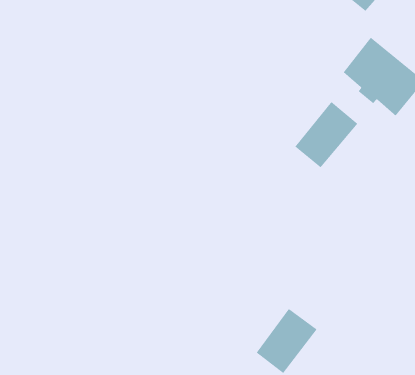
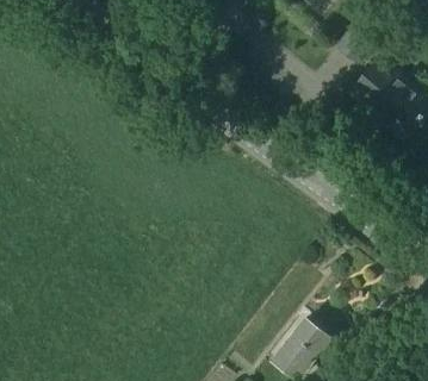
building: [294,101,358,168] -> none

